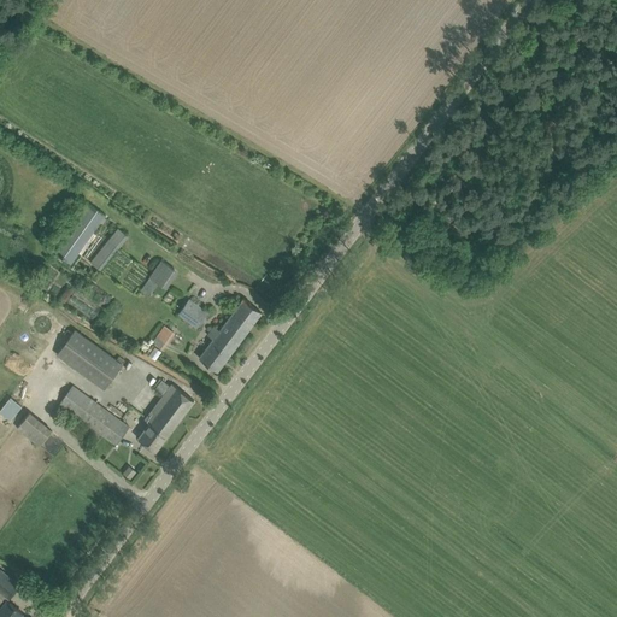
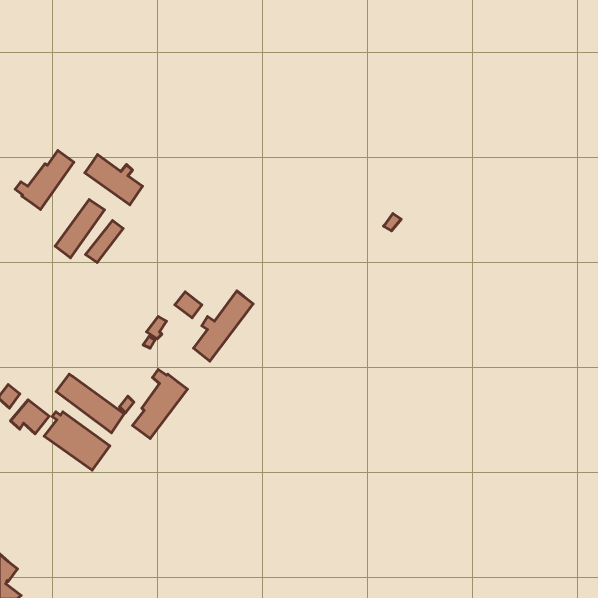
building: none -> [15,150,74,209]
building: none -> [85,154,143,205]
building: [140,260,177,298] -> none
building: [54,330,122,390] -> [44,412,110,470]

